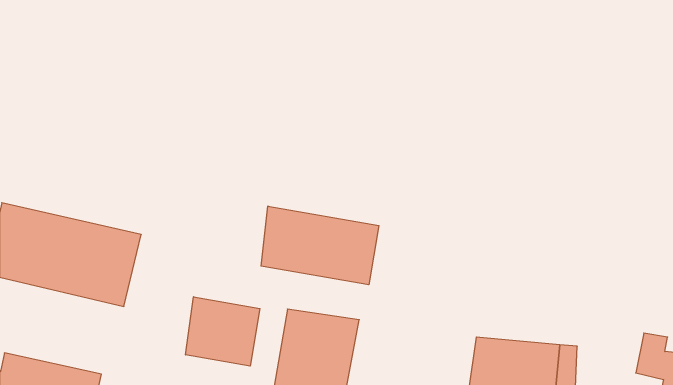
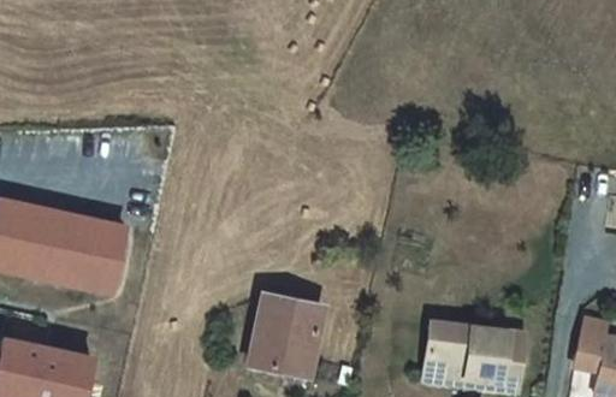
building: [261,206,379,285] -> none
building: [186,297,260,366] -> none

